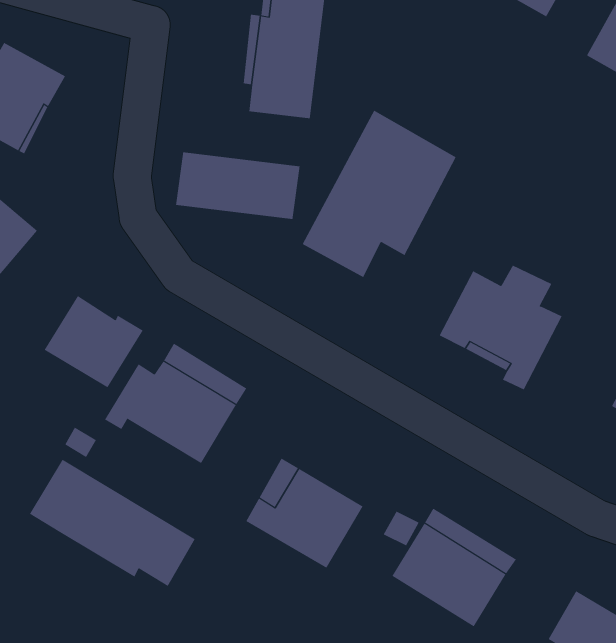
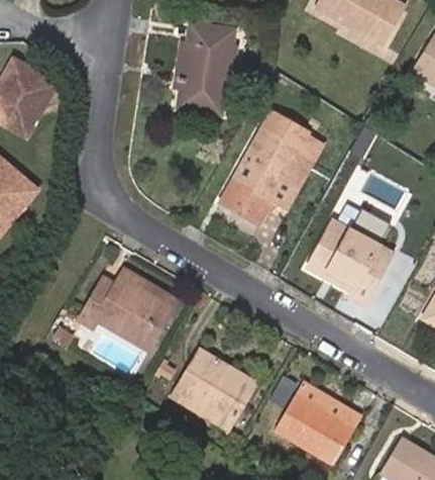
building: [175,152,300,220] -> none
building: [44,295,143,388] -> none
building: [29,459,196,587] -> none

